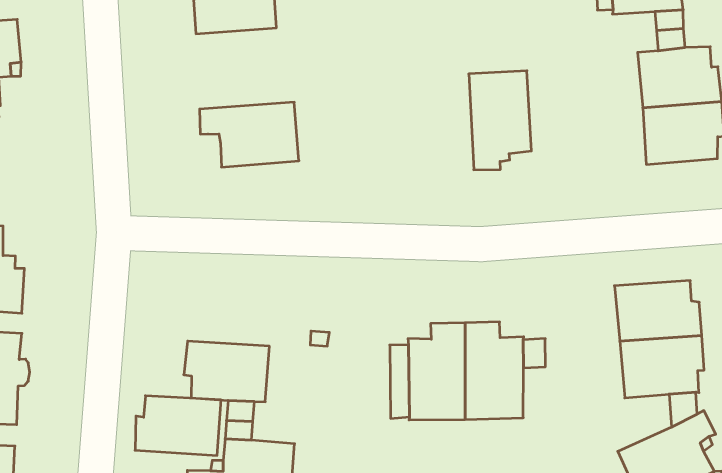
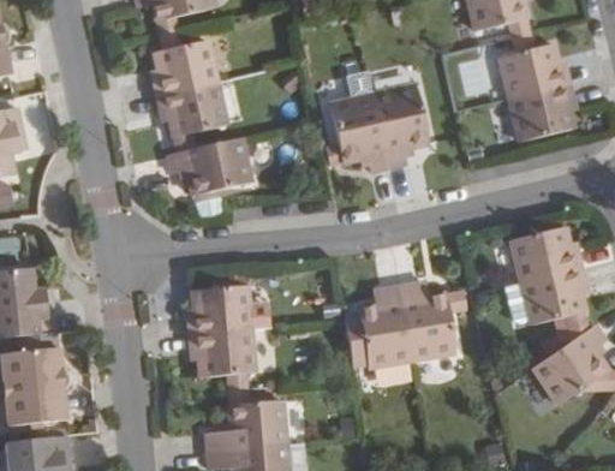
building: none -> [155,82,226,138]
building: none -> [323,94,386,171]
building: [135,396,221,455] -> [183,285,250,334]

